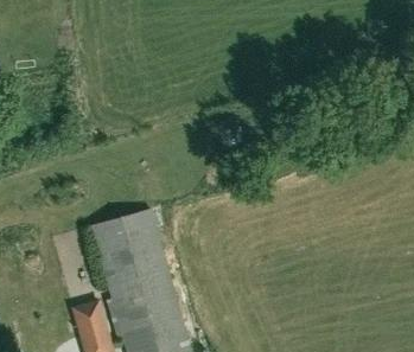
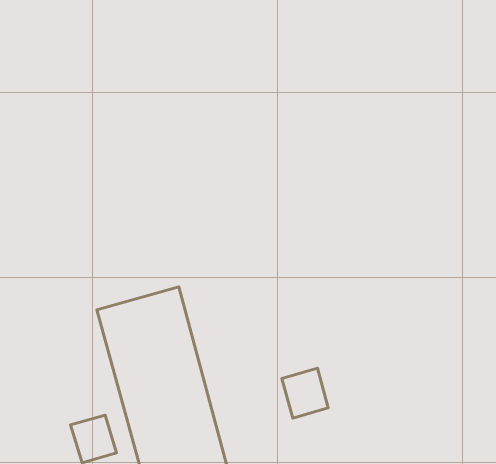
building: none -> [282,368,328,418]

